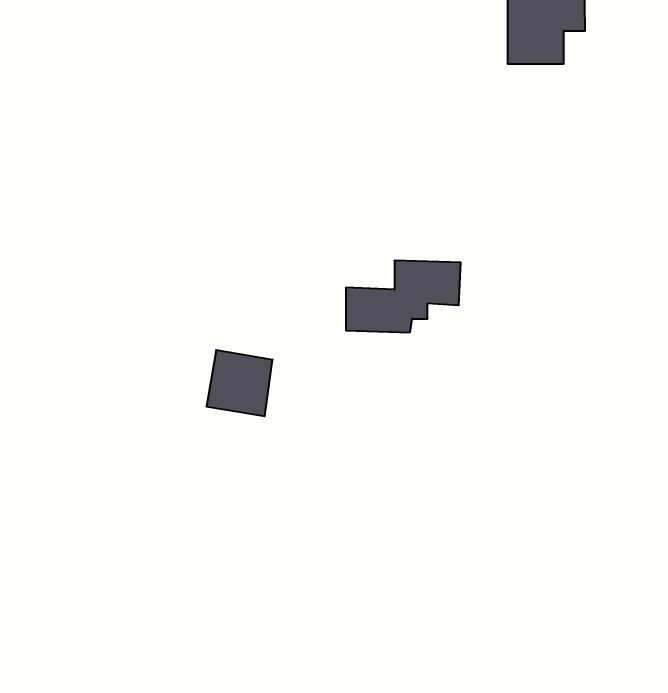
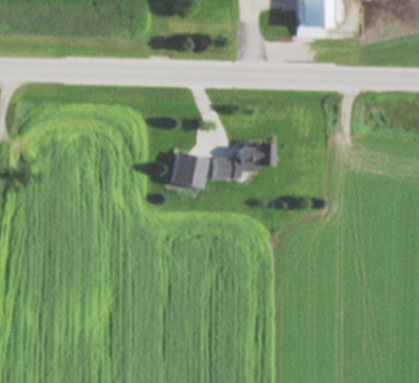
building: [206,350,273,416] -> [171,153,206,188]

